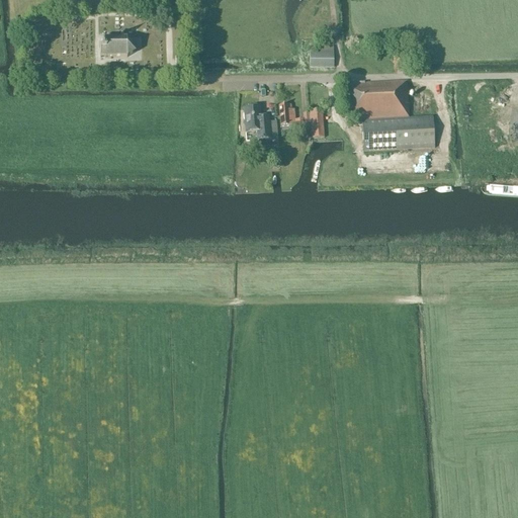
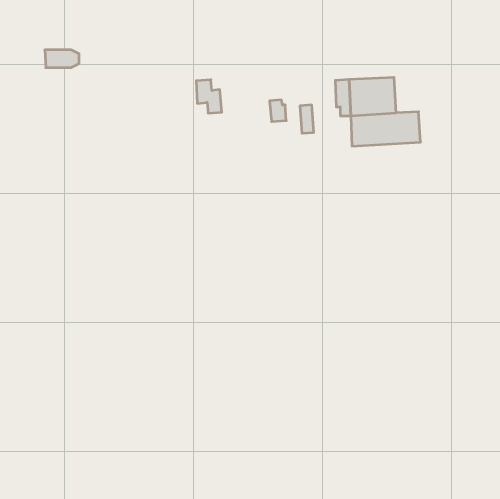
building: [100,37,136,56] -> [45,50,79,68]
building: [311,42,335,67] -> none
building: [246,105,272,140] -> [196,80,222,113]

